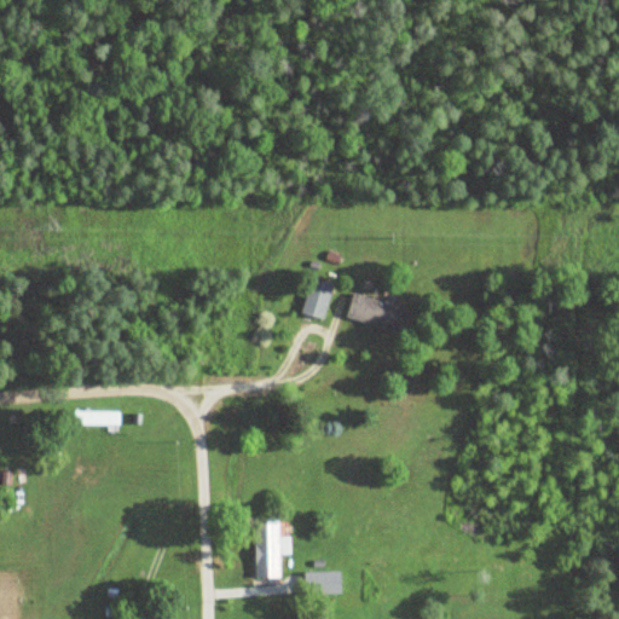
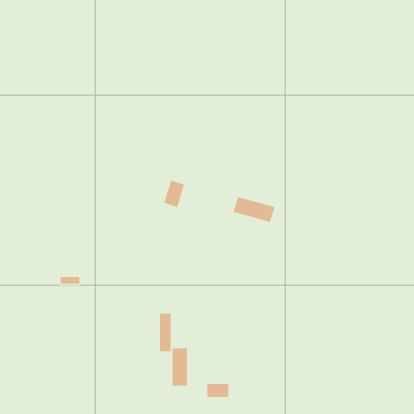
building: [302,277,335,319] -> [163,180,185,208]
building: none -> [159,313,171,352]

